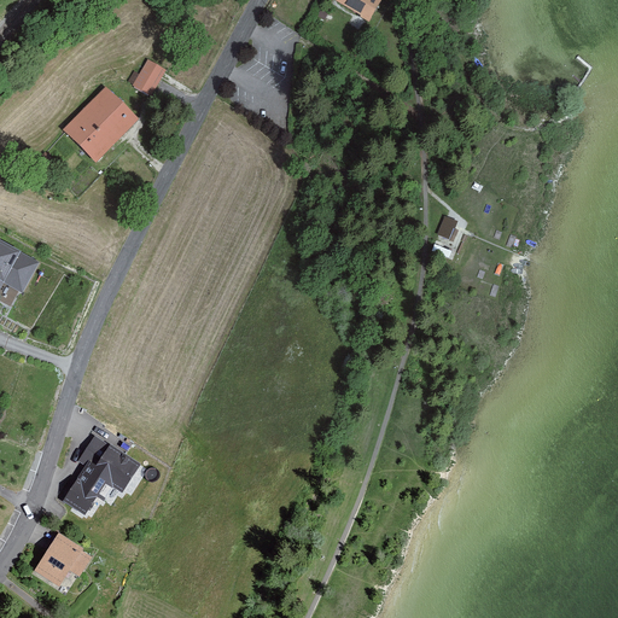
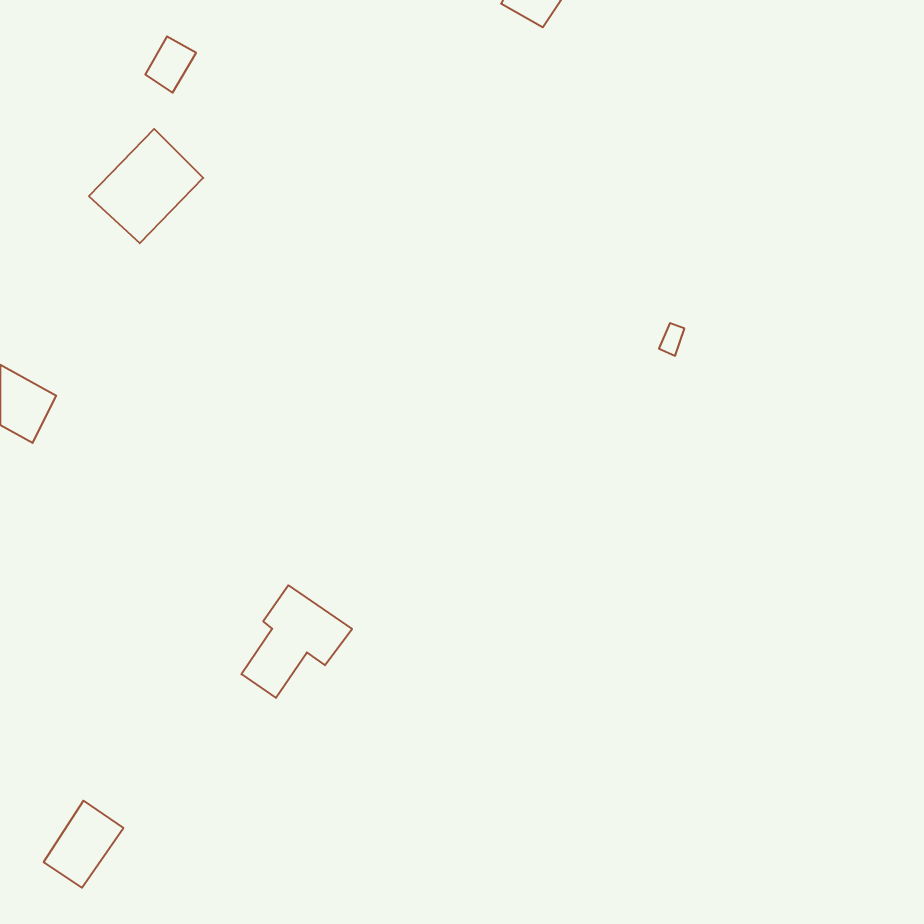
building: [133,59,167,97] -> [145,36,196,93]
building: [65,437,139,512] -> [241,585,352,698]

